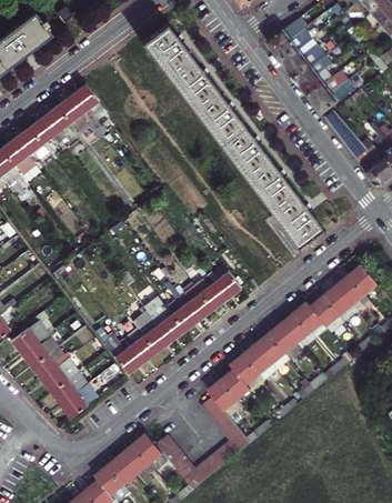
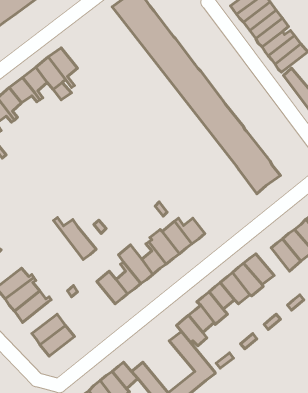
building: [295,300,328,334] -> none
building: [96,331,142,376] -> [53,218,96,259]
building: [41,363,79,398] -> none

